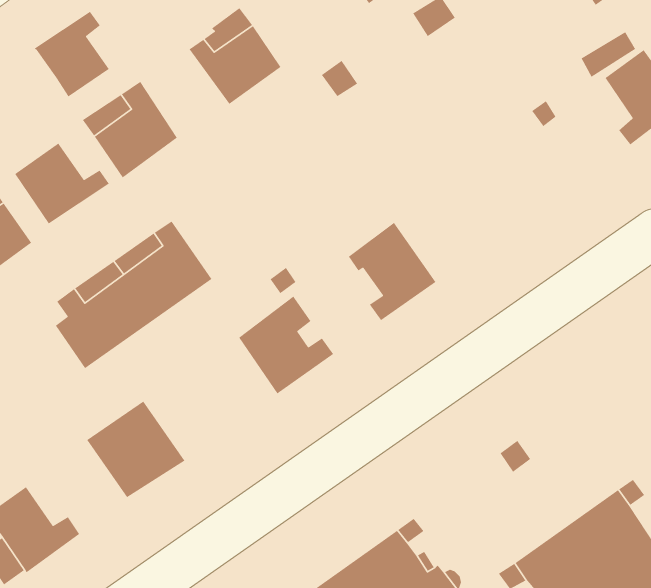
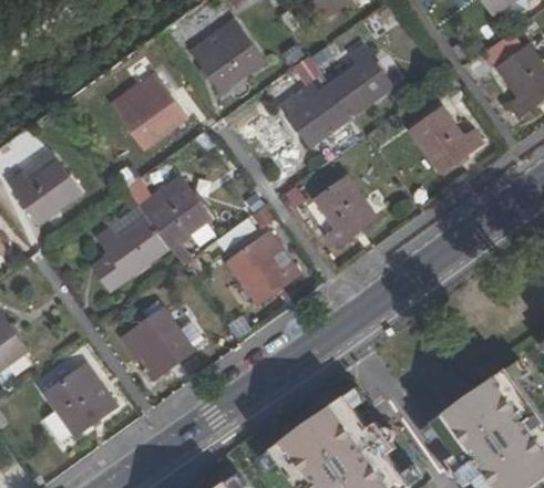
building: [34,11,110,98] -> none
building: none -> [280,44,393,146]
building: none -> [410,111,481,175]
building: [14,143,110,224] -> none

